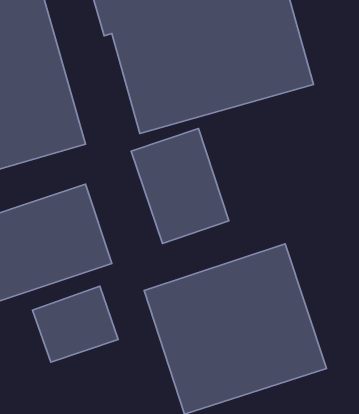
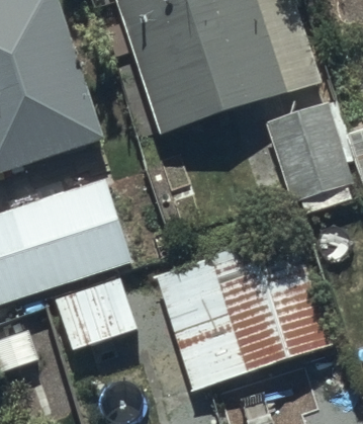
building: [131,129,229,243] -> [262,95,353,202]

